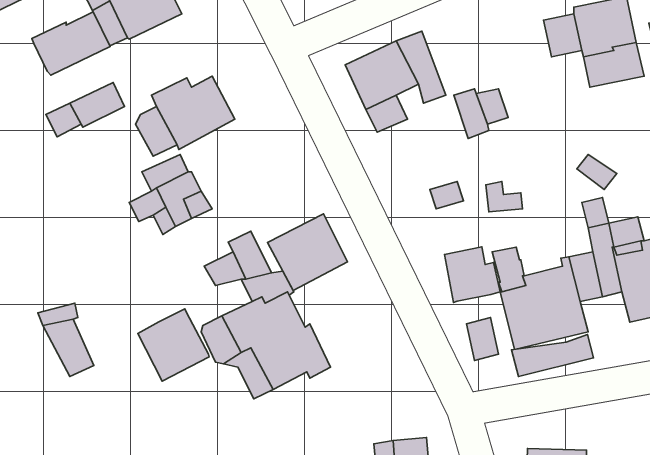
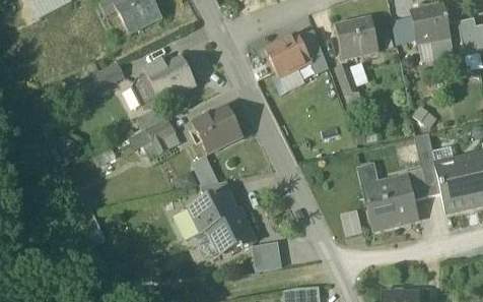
building: [32,12,110,75] -> none
building: none -> [337,21,378,58]
building: [268,214,347,290] -> [193,105,244,154]
building: [444,247,500,302] -> none
building: [138,309,209,381] -> none
building: [512,335,594,377] -> none
building: none -> [250,243,280,273]

